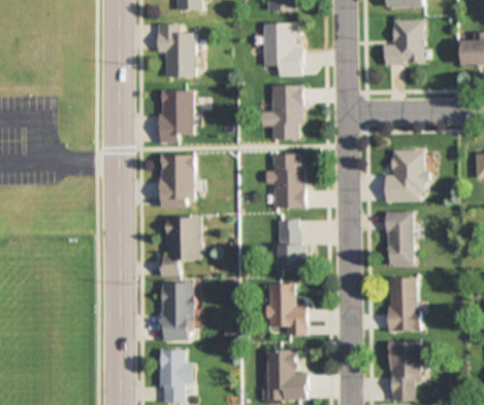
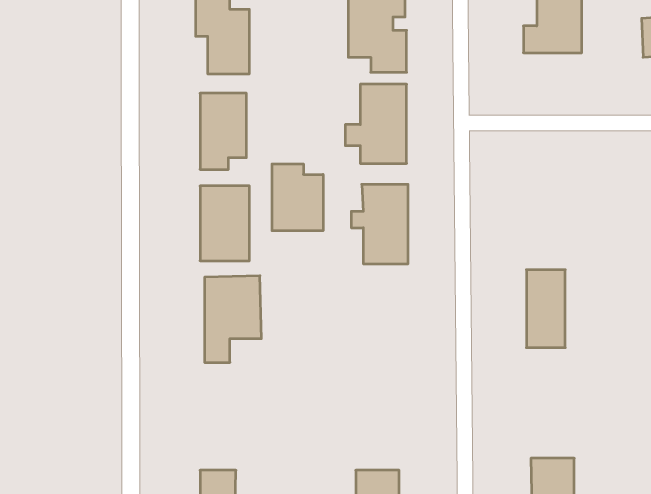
building: none -> [272,164,323,231]
building: [384,150,424,203] -> none
building: [279,221,304,269] -> none
building: [387,278,417,331] -> none
building: [161,282,194,340] -> none
building: [267,283,306,336] -> none

